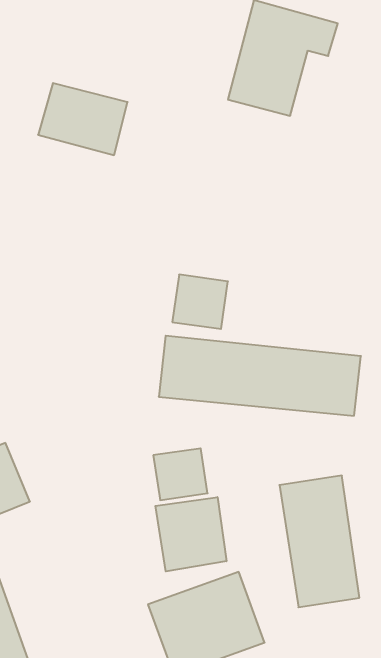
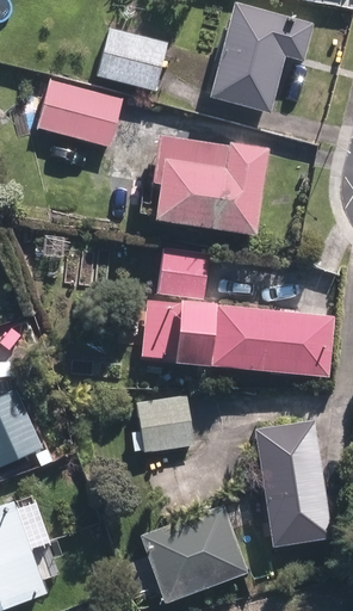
building: none -> [106,30,167,90]
building: none -> [154,140,261,232]
building: [155,497,226,571] -> none

